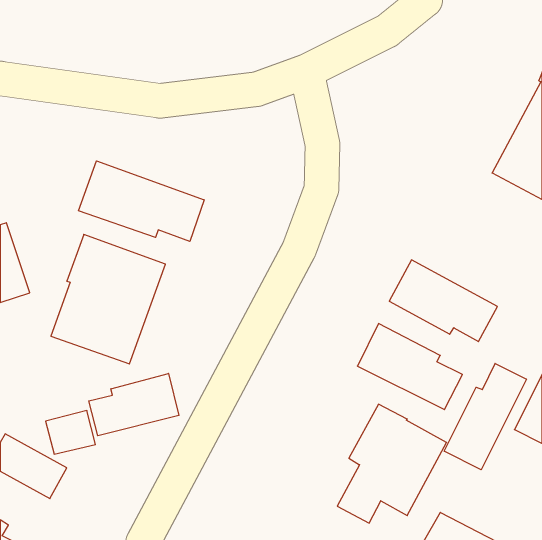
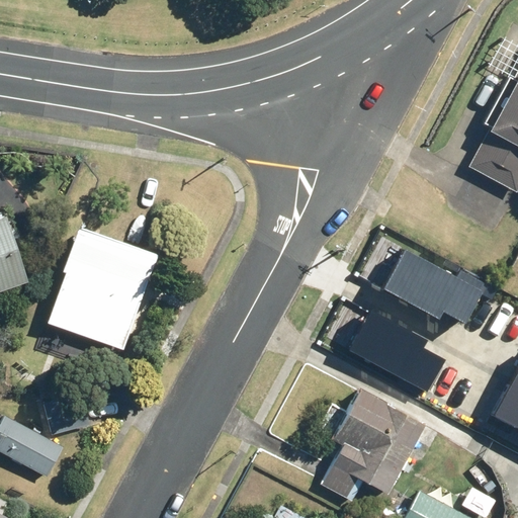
building: [79,161,204,241] -> none
building: [444,363,526,470] -> none
building: [89,373,179,436] -> none

